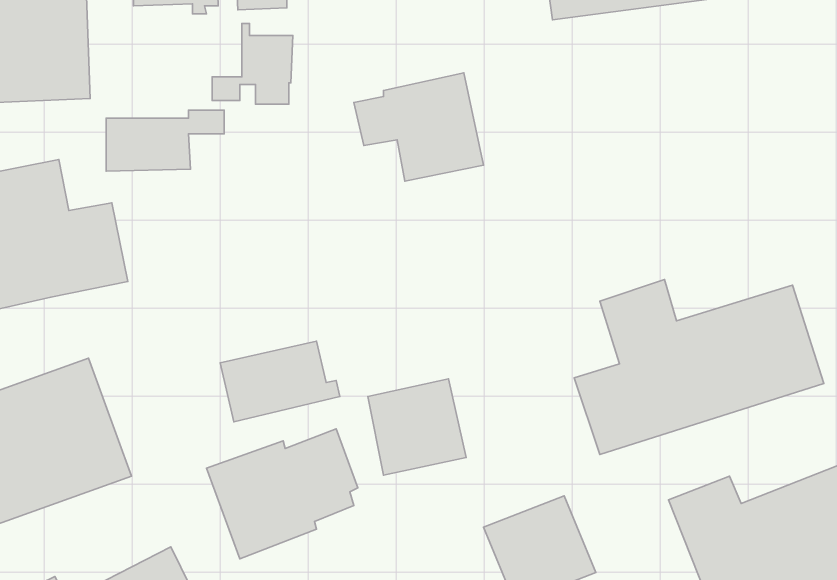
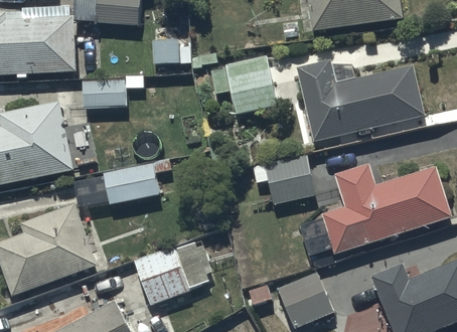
building: none -> [297,58,424,140]
building: [220,341,340,422] -> [103,164,164,205]
building: [368,379,466,475] -> [265,155,315,204]

